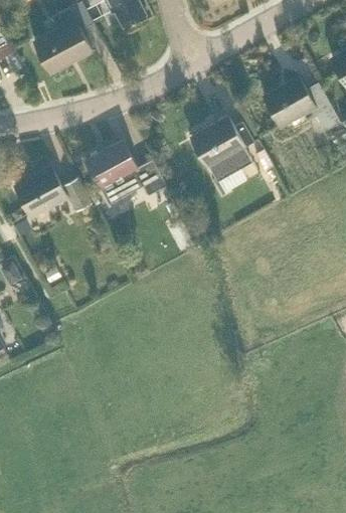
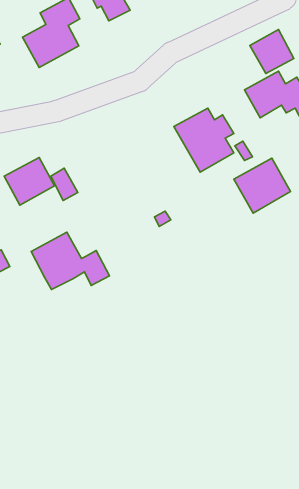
building: none -> [250,30,294,74]
building: [85,142,167,201] -> [31,232,110,289]
building: none -> [234,158,290,213]

